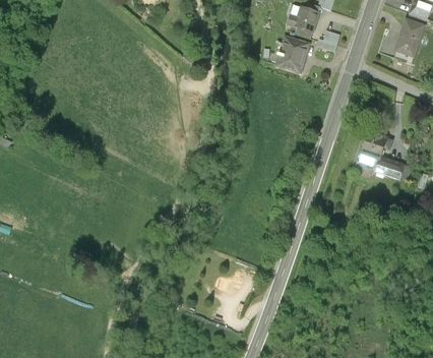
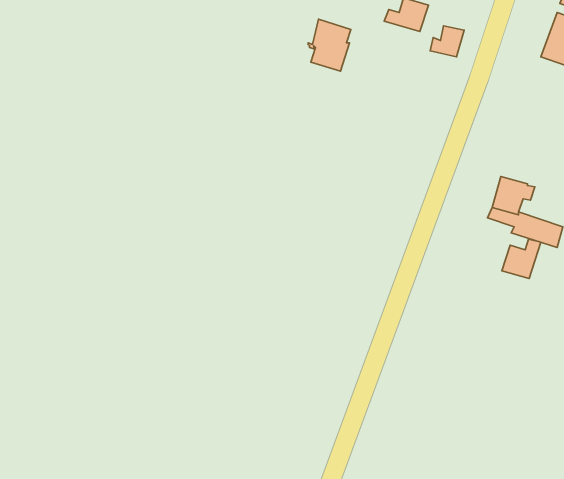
building: [276,39,306,74] -> [308,19,351,71]
building: none -> [502,239,541,279]

